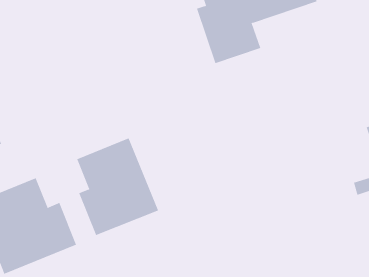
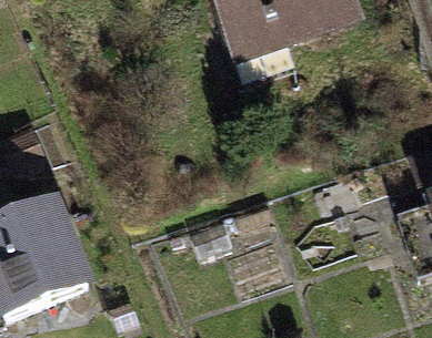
building: [76,138,159,236] -> none

